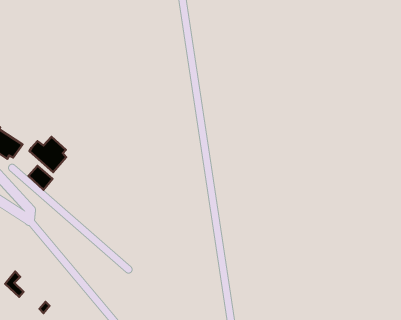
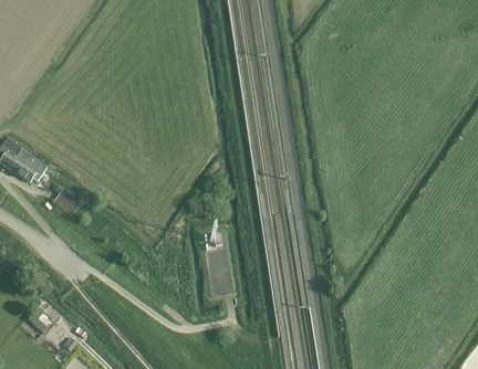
building: [30,137,66,172] -> none

